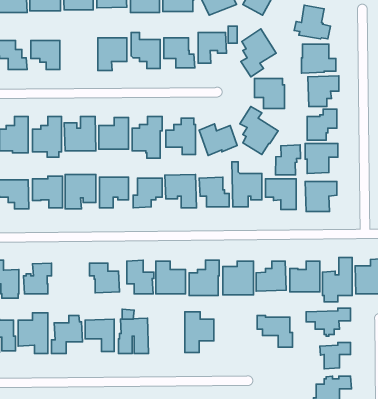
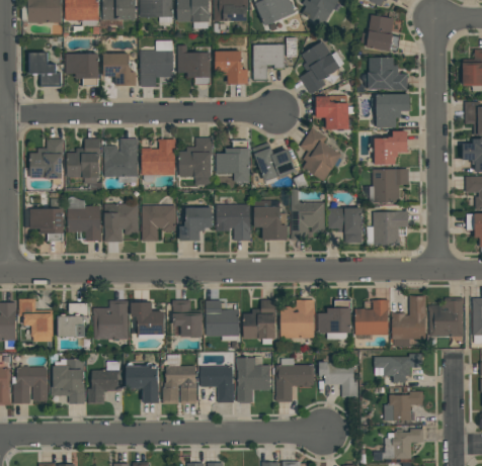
building: none -> [104,54,137,86]
building: [276,145,300,175] -> none
building: none -> [93,300,129,340]
building: none -> [277,358,314,400]
building: none -> [200,364,234,401]

